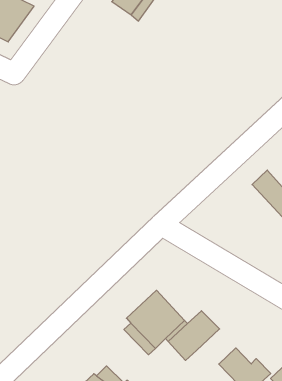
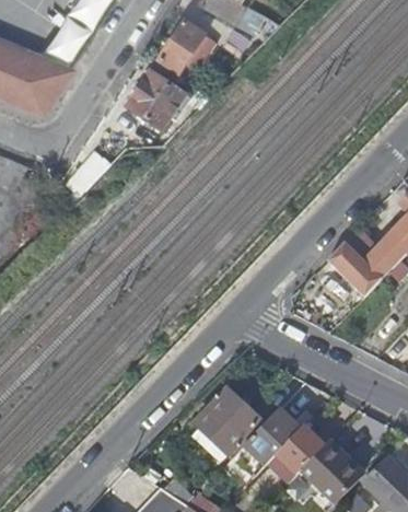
building: none -> [127,72,185,130]
building: none -> [276,424,325,474]

